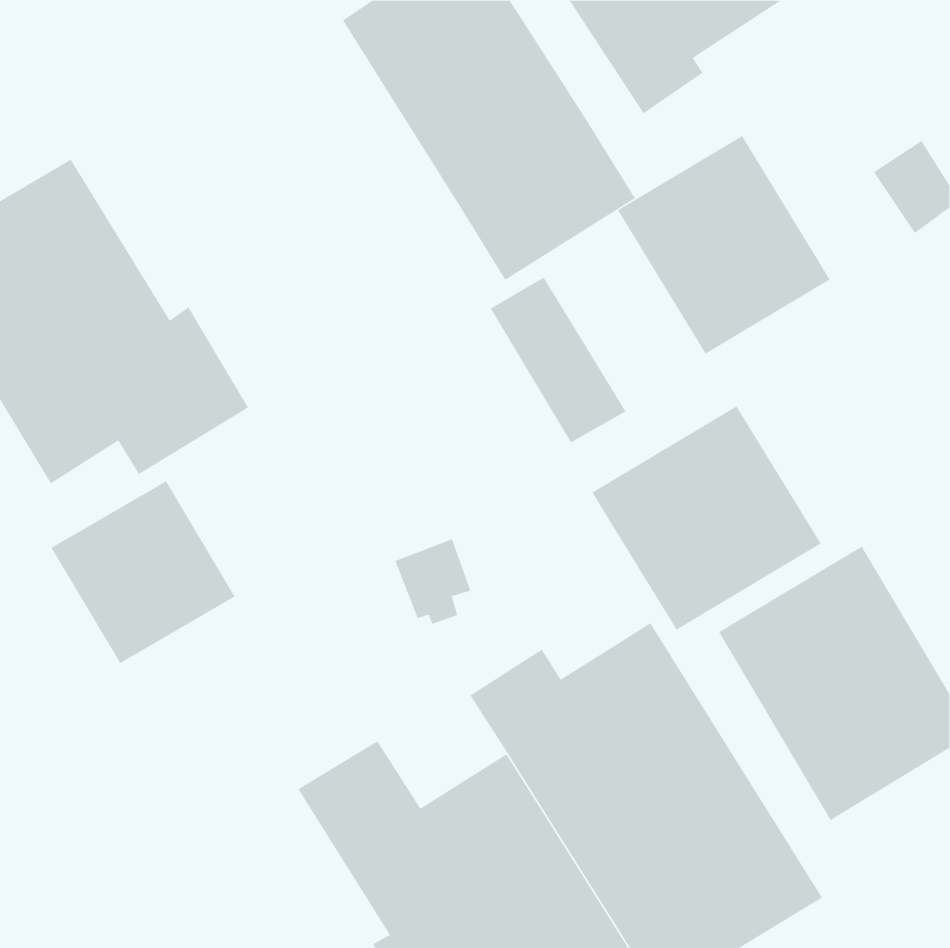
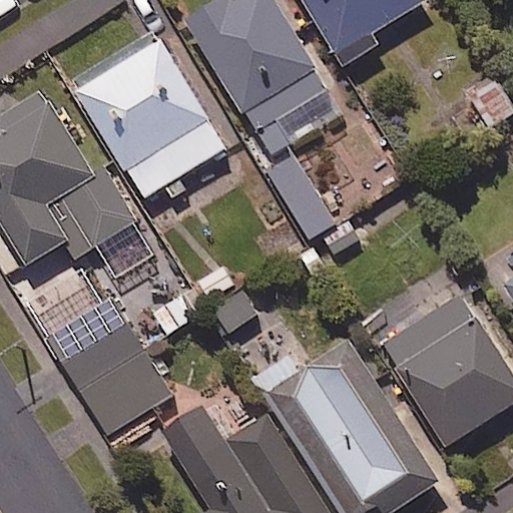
building: none -> [72,31,221,203]
building: [617,135,831,354] -> none
building: [591,406,822,631] -> none
building: none -> [64,324,168,433]

